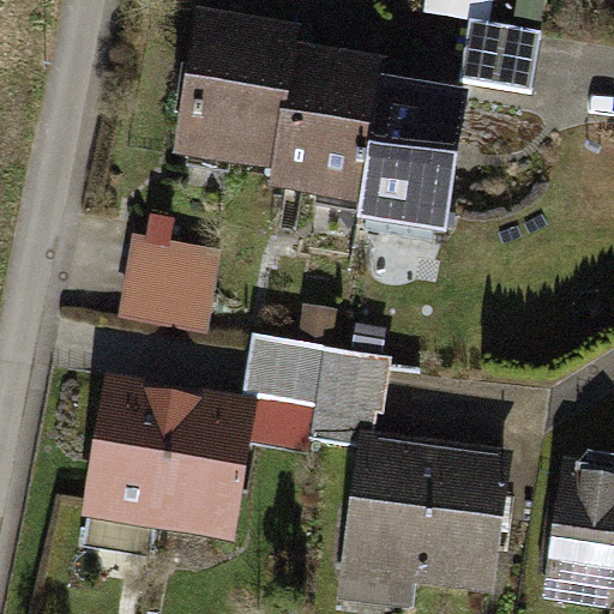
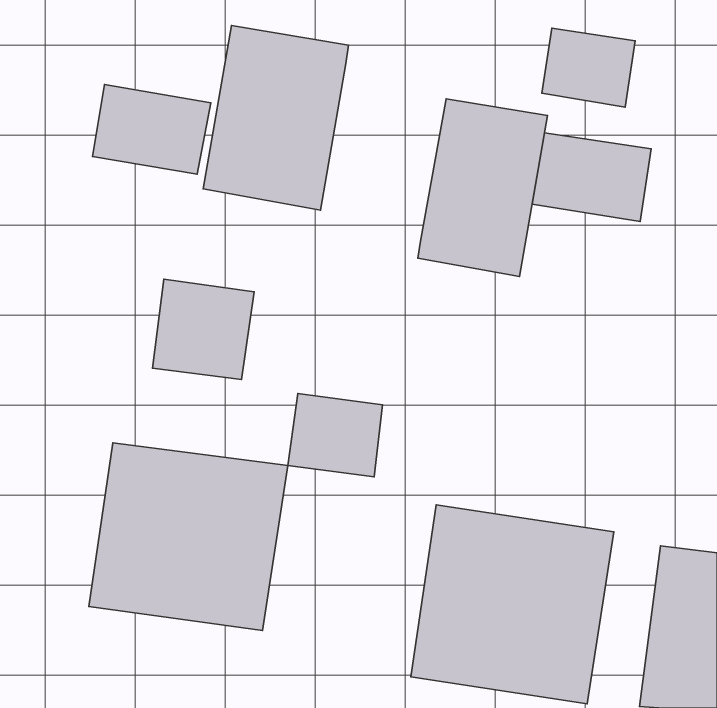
building: [270,54,381,205] -> none
building: none -> [93,85,211,174]
building: none -> [532,133,651,221]
building: [309,344,377,450] -> none

